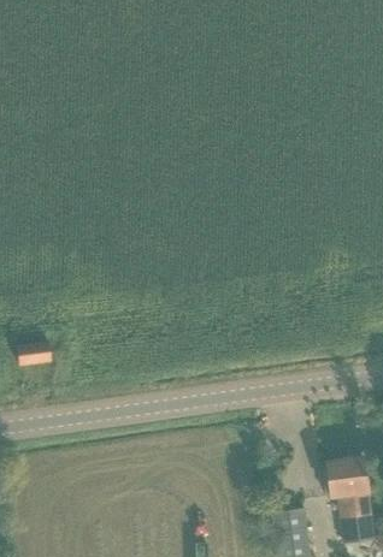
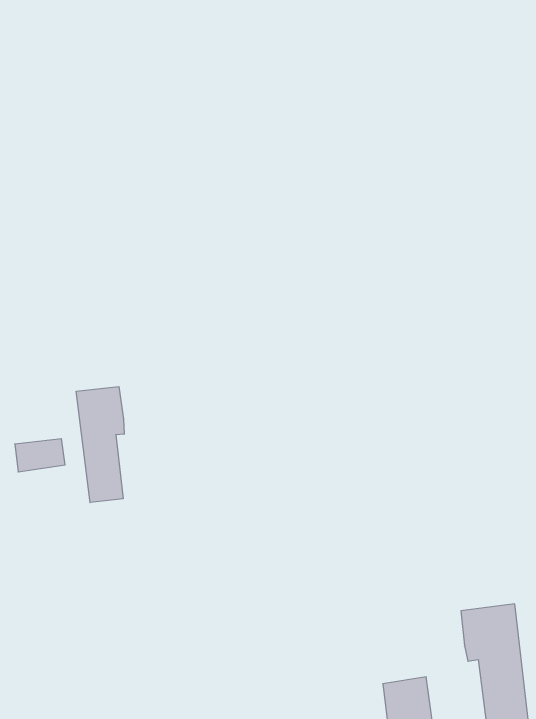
building: none -> [76,387,124,503]

